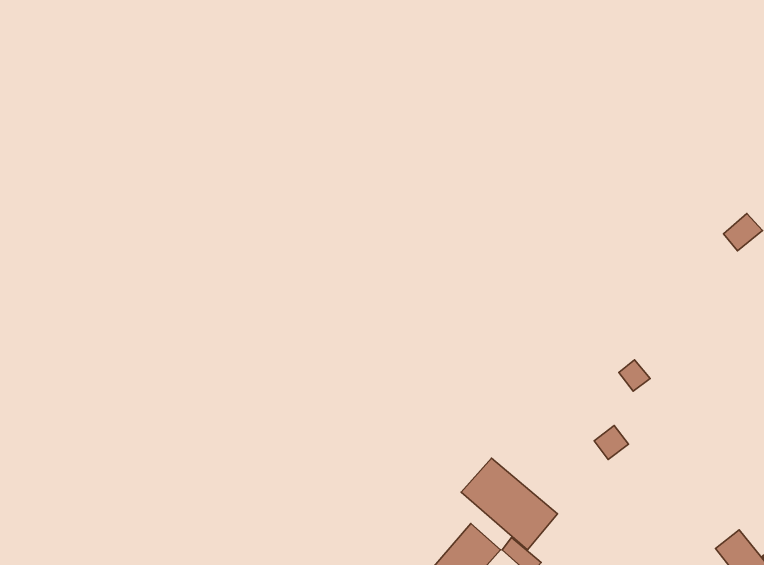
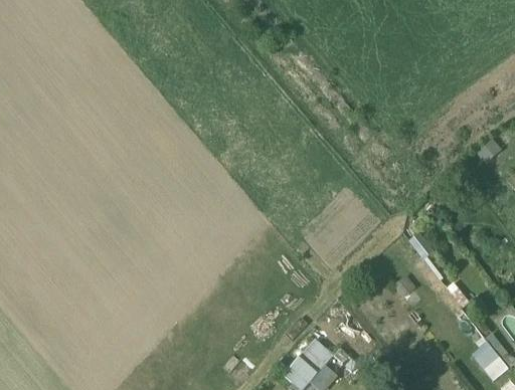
building: [461,458,558,550] -> none

